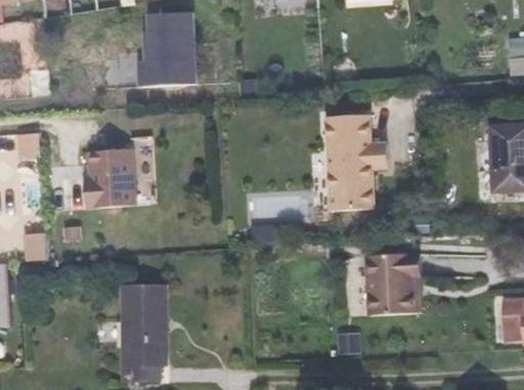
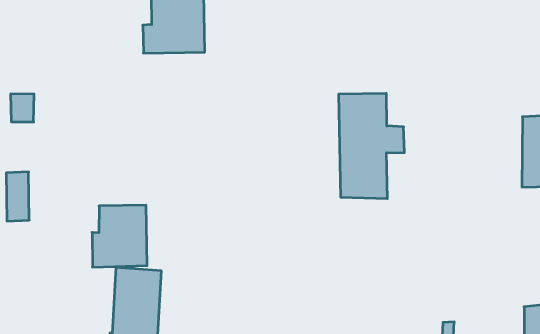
building: [85,148,137,208] -> [92,205,147,267]
building: [366,252,420,314] -> none

